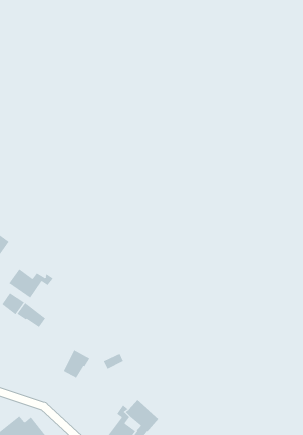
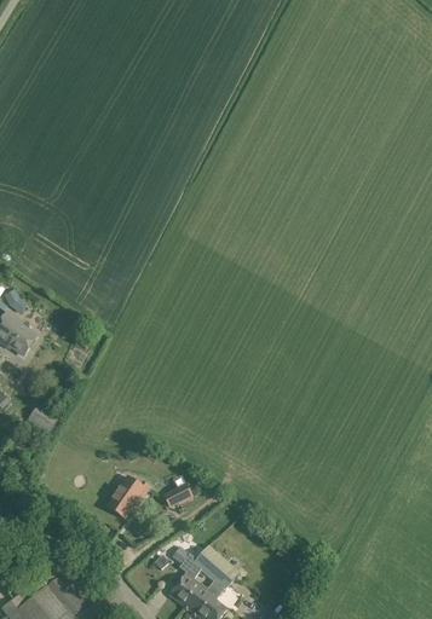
building: [8,268,54,298] -> none
building: [17,302,46,328] -> none

